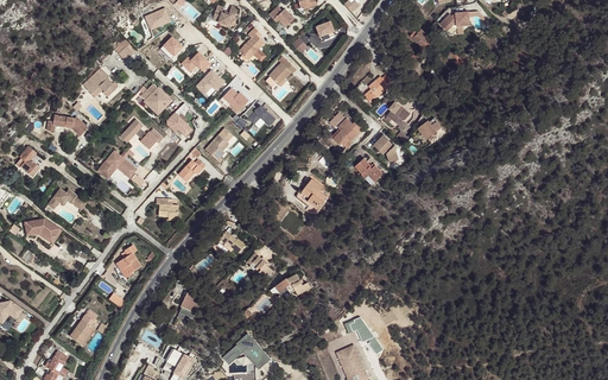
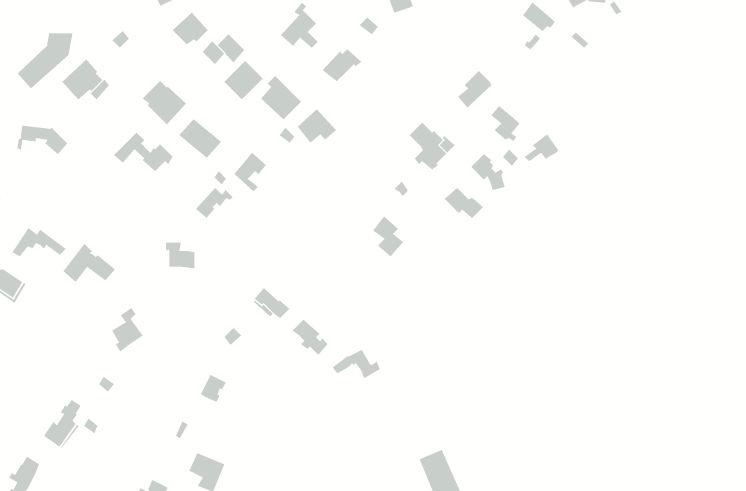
building: none -> [17,32,73,89]
building: [97,150,135,178] -> [62,243,116,283]

